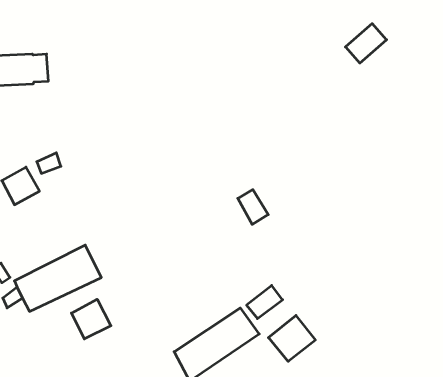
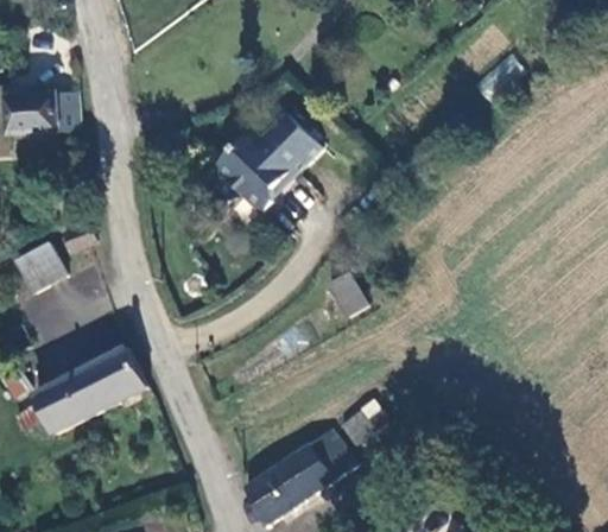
building: none -> [214,114,321,213]
building: [71,299,111,339] -> none
building: [268,315,315,361] -> none

